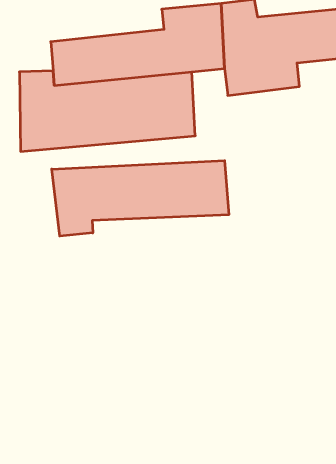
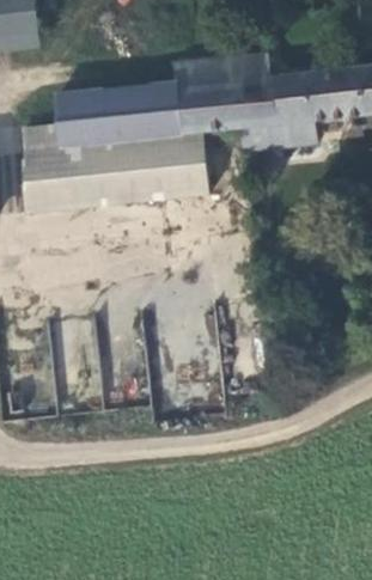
building: [52,161,229,236] -> none

